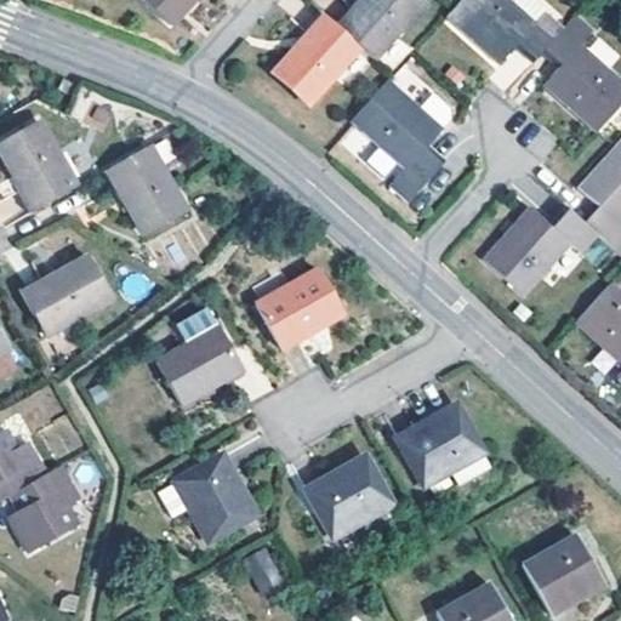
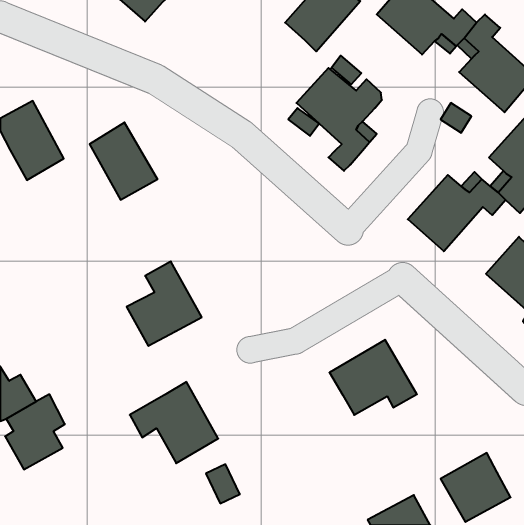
building: [274,15,361,104] -> none
building: [21,255,113,336] -> none
building: [256,269,343,348] -> none
building: [302,452,397,540] -> none

